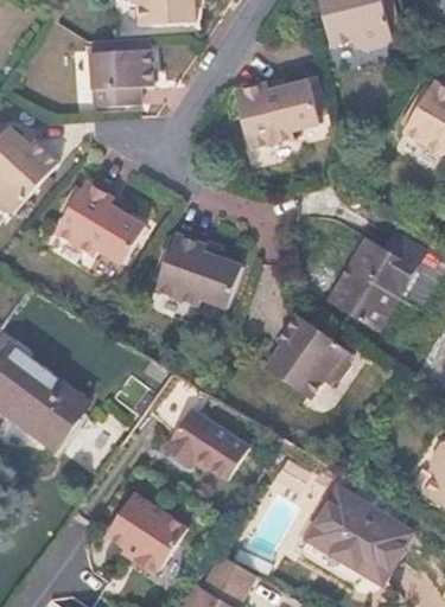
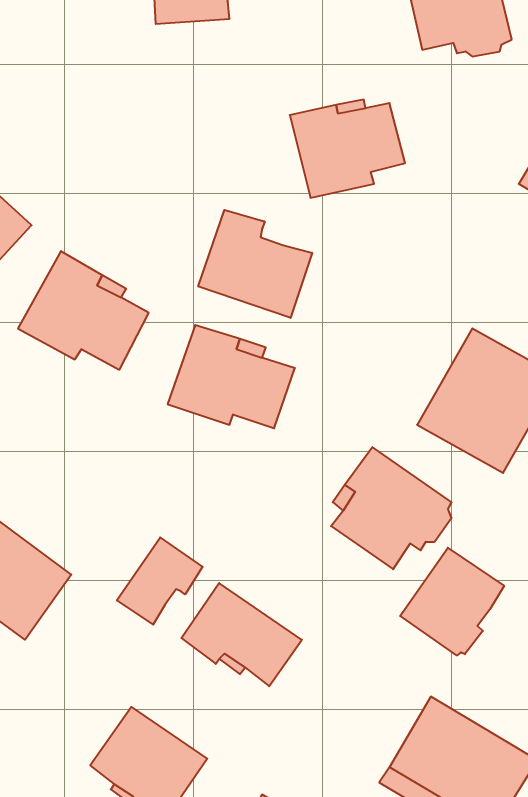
building: [95,47,158,108] -> none
building: none -> [198,210,312,318]
building: none -> [117,537,203,625]
building: none -> [400,548,504,655]

